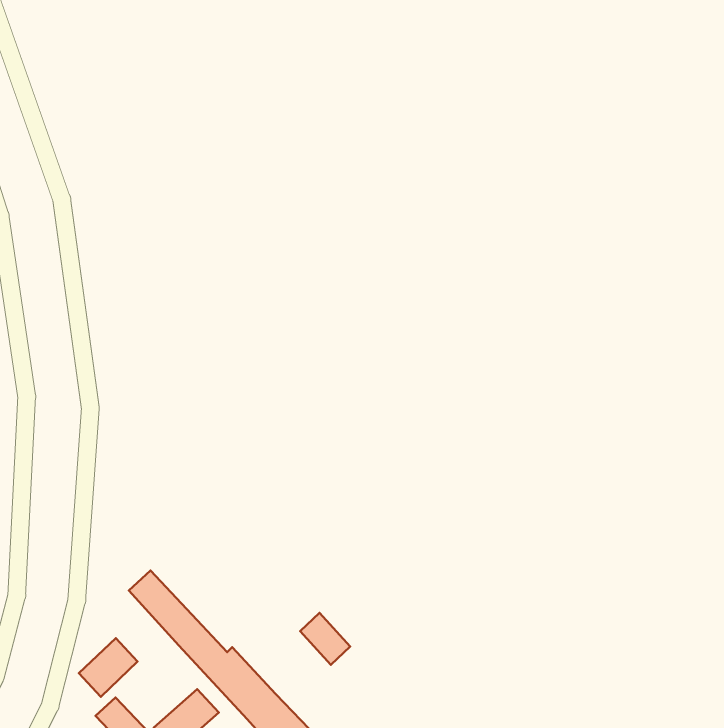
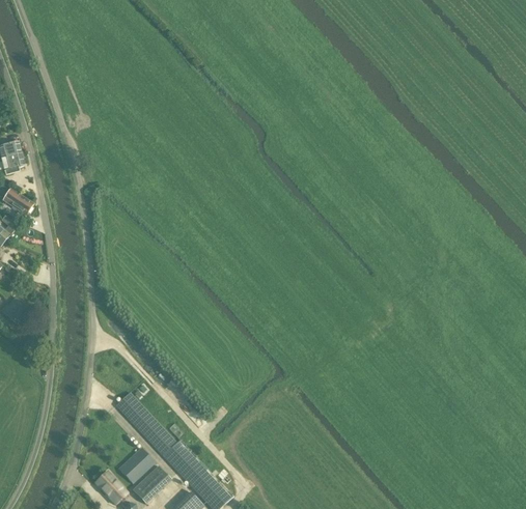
building: [300,613,350,665] -> none
building: [79,638,137,697] -> [118,447,155,483]

